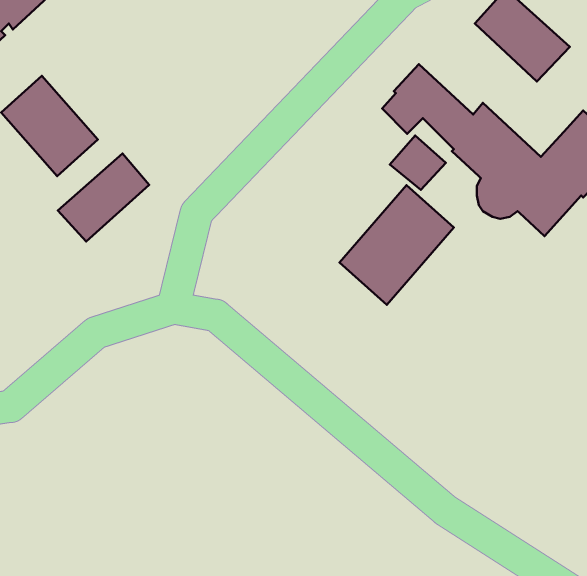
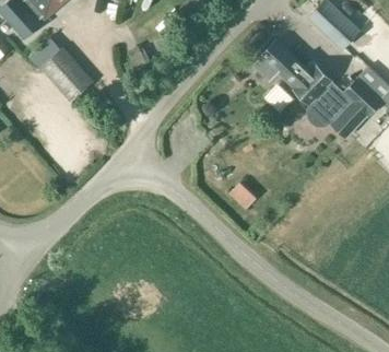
building: [58,154,149,241] -> none
building: [339,185,454,305] -> none

